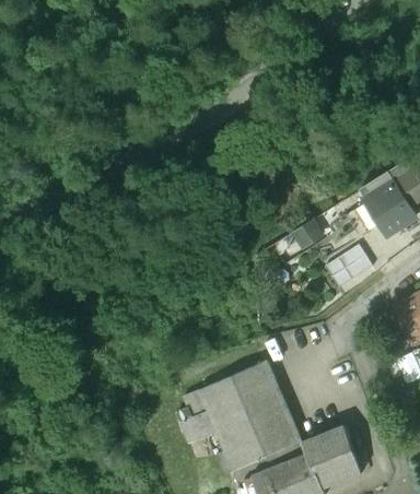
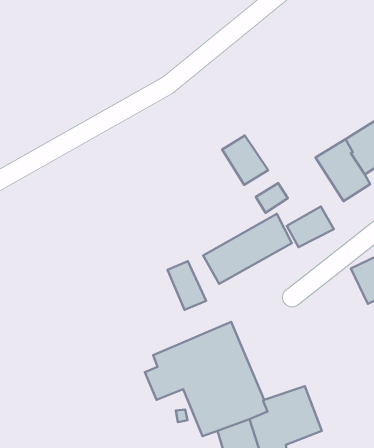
building: none -> [222,135,268,185]
building: none -> [203,214,292,284]
building: none -> [167,261,206,310]

